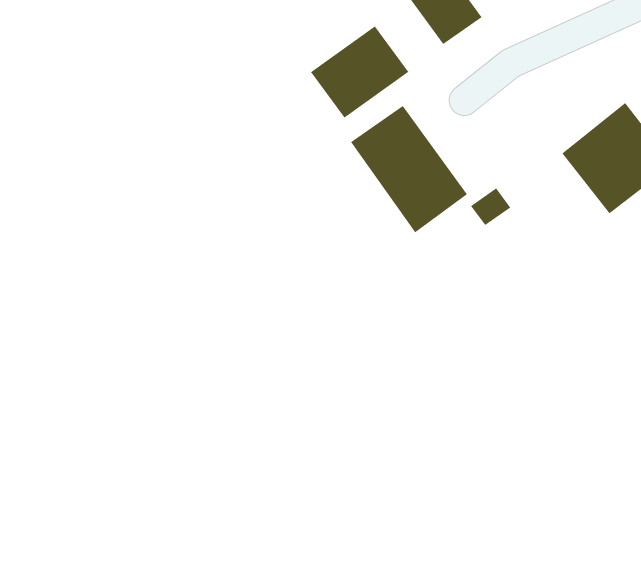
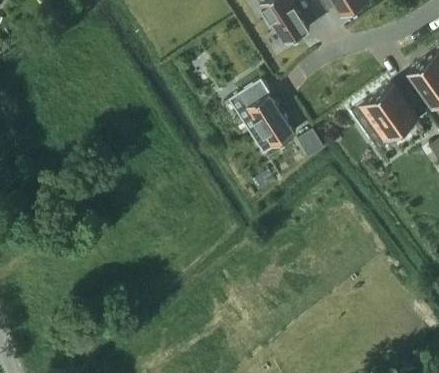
building: [310,26,409,118] -> none

